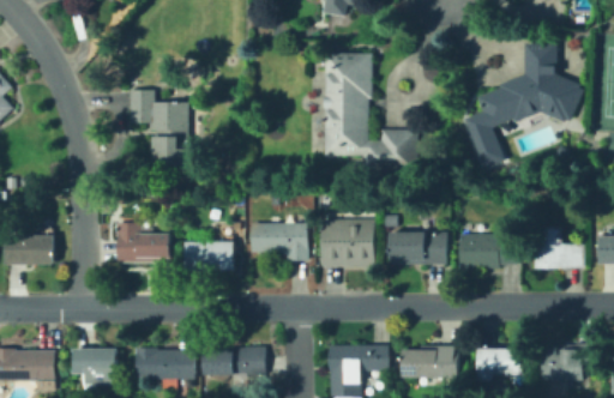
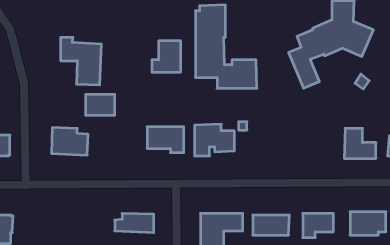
building: none -> [152,41,180,72]
building: [462,231,518,269] -> none
building: [391,233,444,265] -> none
building: [189,240,231,270] -> [86,94,115,115]
building: [138,349,192,380] -> none
building: [76,350,119,385] -> none

